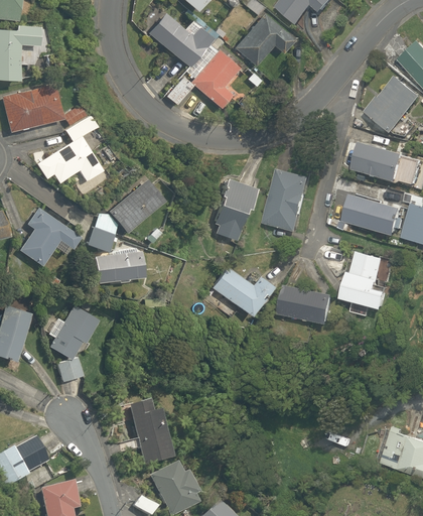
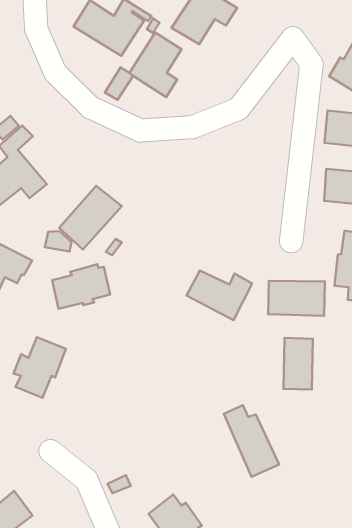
building: [265,168,311,232] -> none
building: [214,177,254,240] -> none
building: [86,226,113,251] -> none
building: none -> [284,338,313,390]
building: [55,357,82,381] -> none
building: [127,400,169,465] -> [224,405,279,477]

